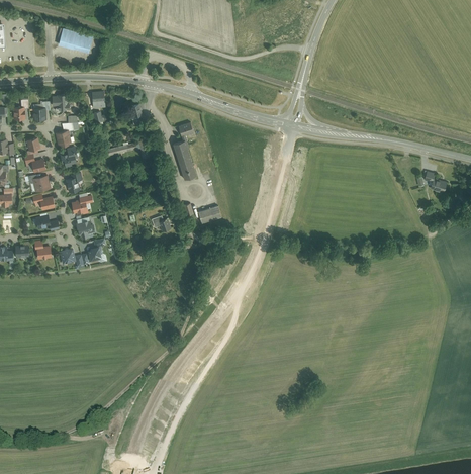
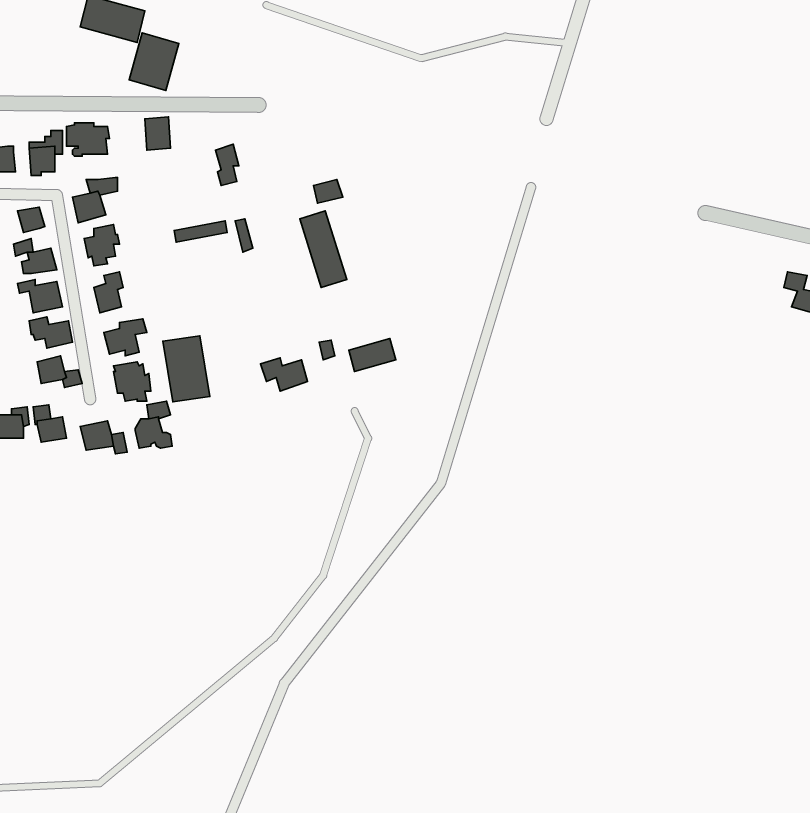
building: none -> [129,33,179,91]
building: none -> [163,336,210,402]

